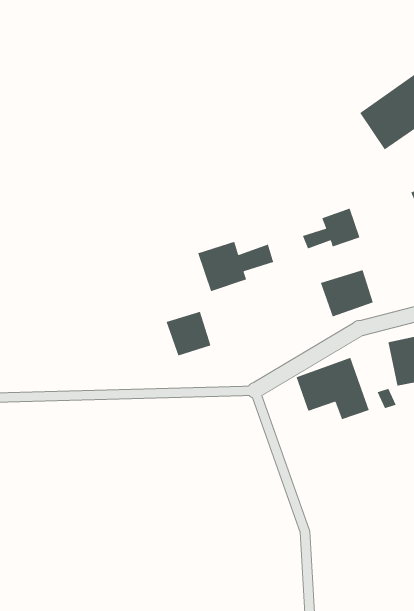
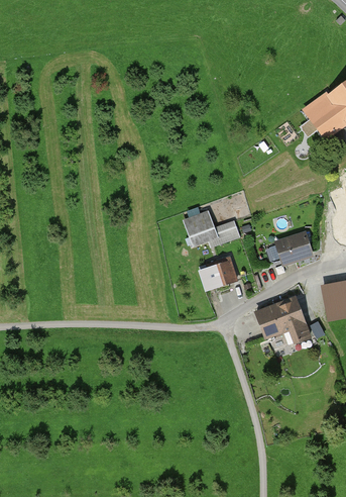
building: [302,208,360,250] -> none
building: [166,311,211,357] -> [204,255,238,289]

